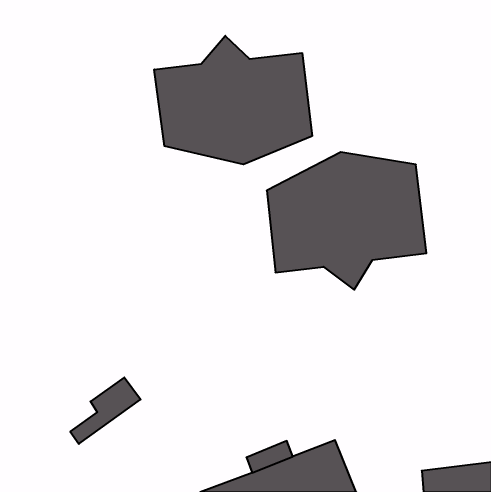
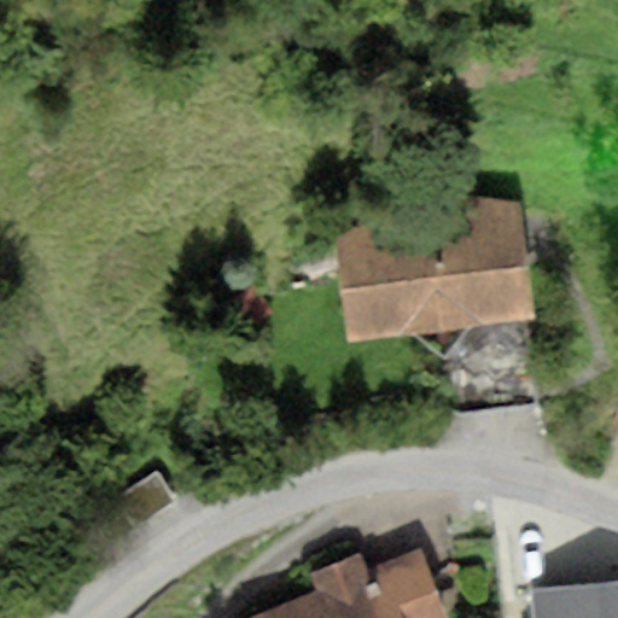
building: [154,36,312,164] -> none

